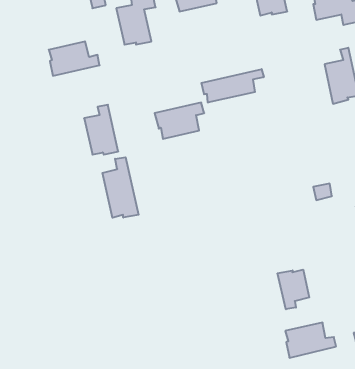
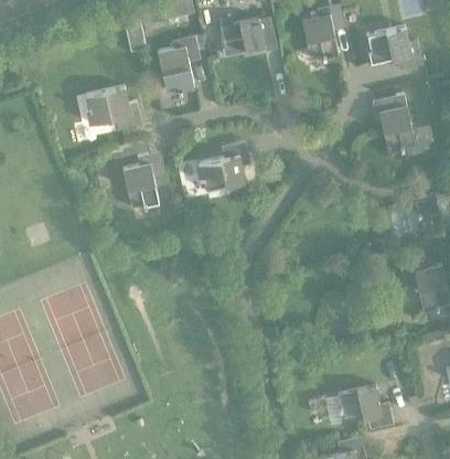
building: [201,69,264,103] -> none
building: [102,157,139,218] -> none
building: [278,270,309,309] -> none

